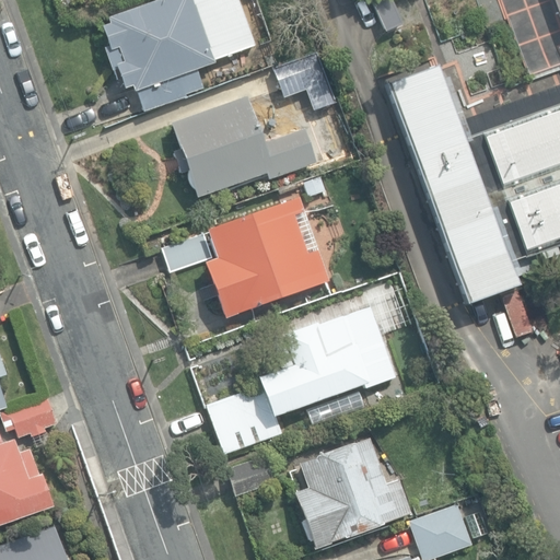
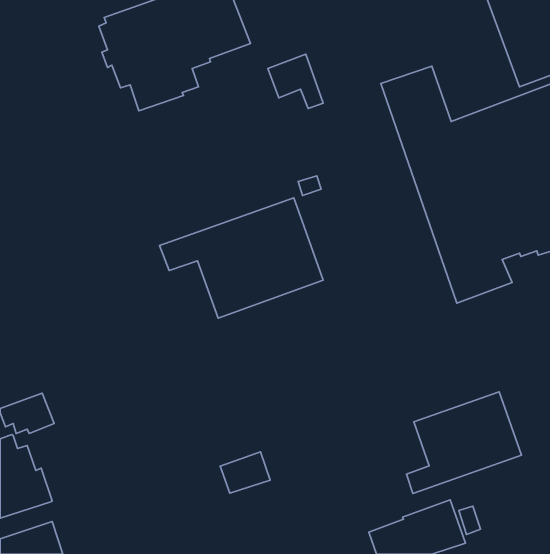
building: [172,96,318,198] -> none
building: [209,289,397,454] -> none
building: none -> [407,392,521,494]
building: [294,434,415,547] -> none

